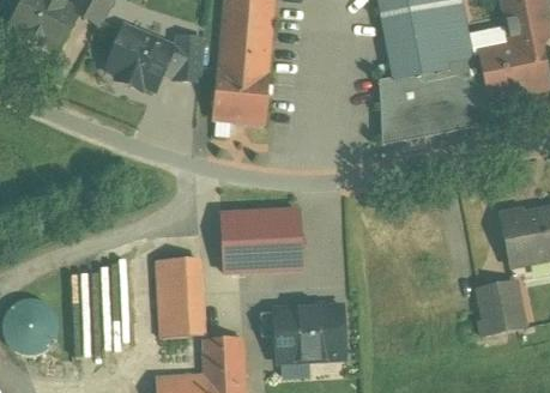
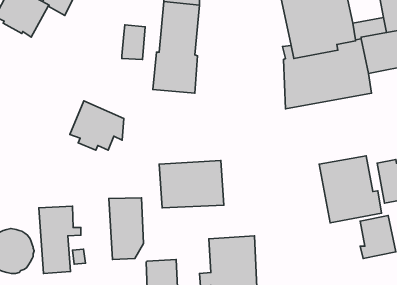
building: [105,24,175,87] -> [70,101,124,150]
building: none -> [319,156,382,223]

